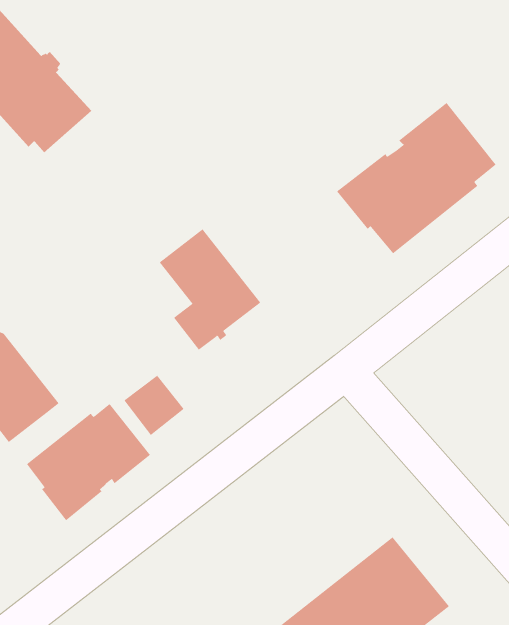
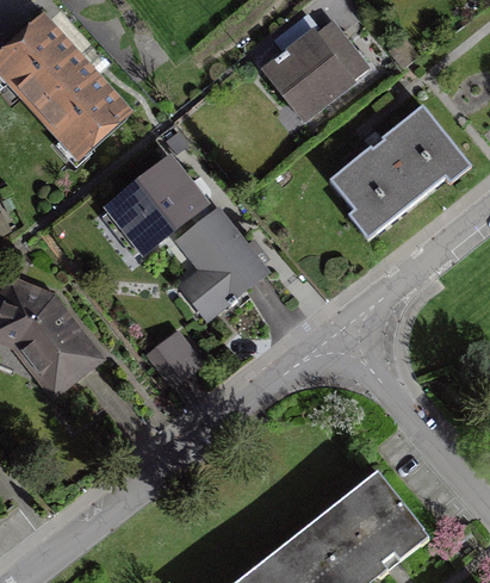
building: none -> [265,26,362,113]
building: none -> [101,163,200,248]
building: [26,403,151,521] -> none

